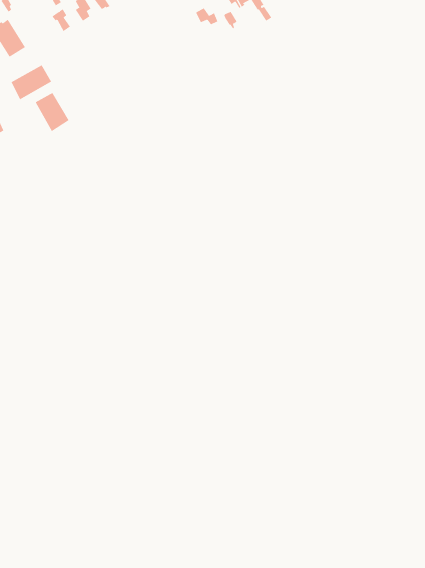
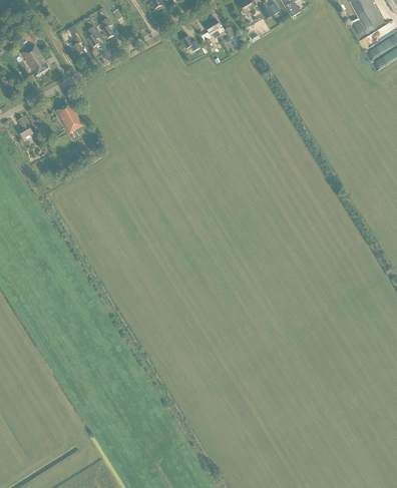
building: [11,65,52,100] -> none

